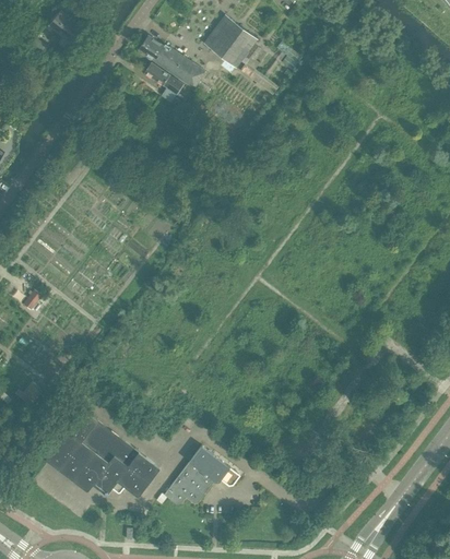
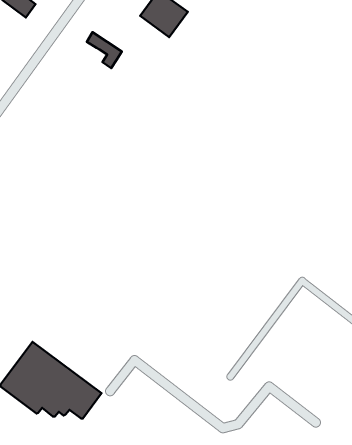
building: [140,36,205,88] -> none
building: [164,445,240,504] -> none

